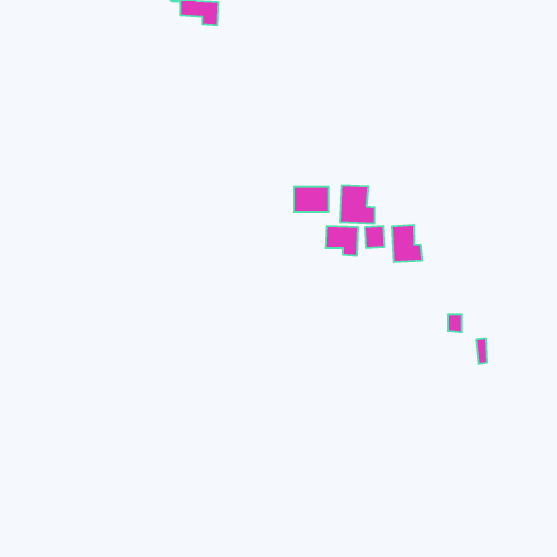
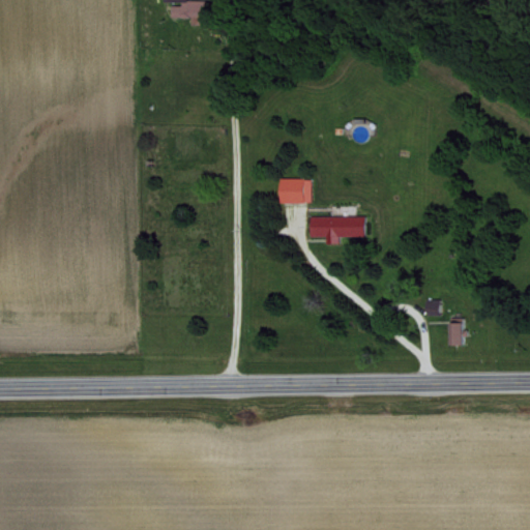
building: [340,185,374,224] -> none
building: [392,225,422,262] -> none

